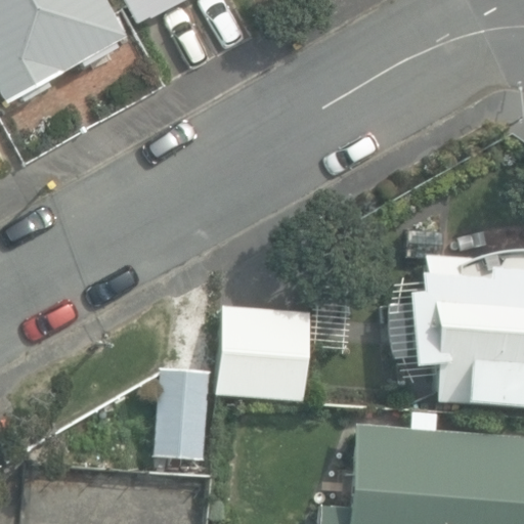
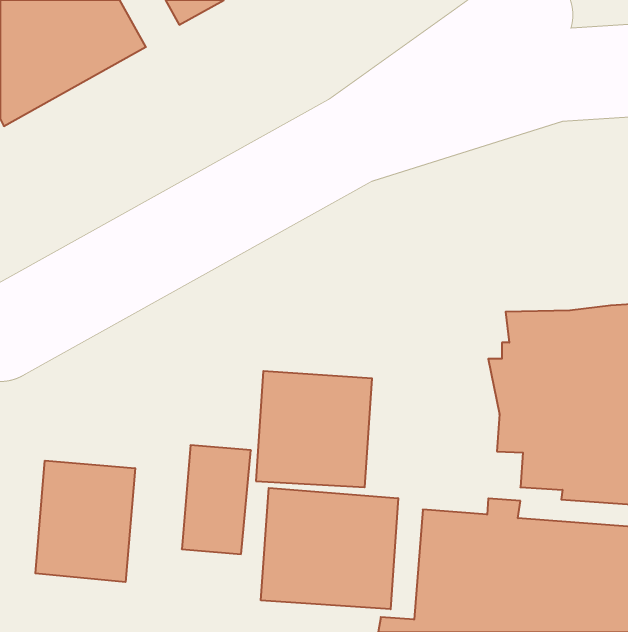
building: none -> [35,461,135,582]
building: none -> [261,488,398,609]

